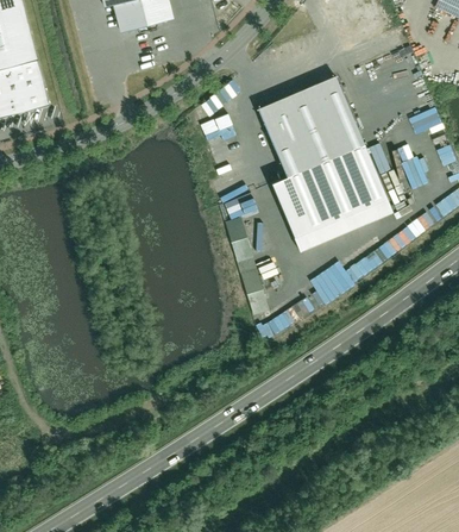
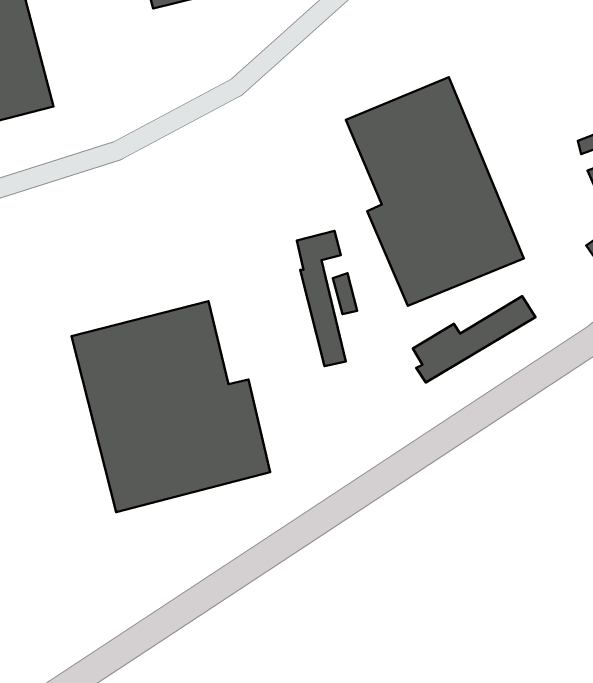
building: none -> [71,301,270,512]

